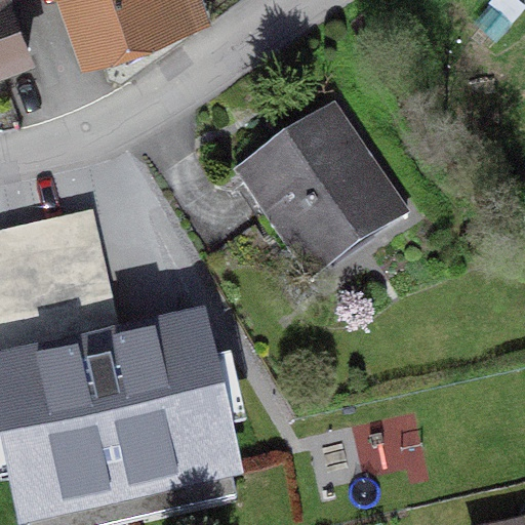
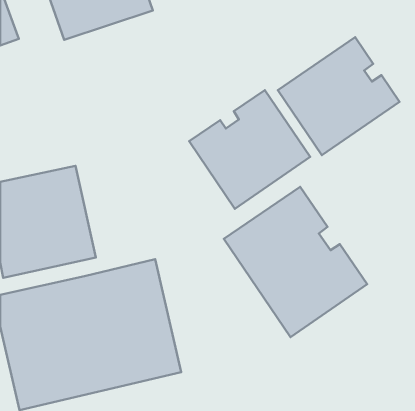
building: none -> [278,37,400,155]
building: none -> [224,187,367,337]

